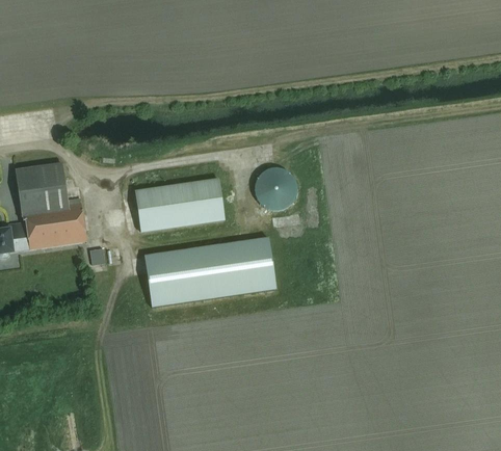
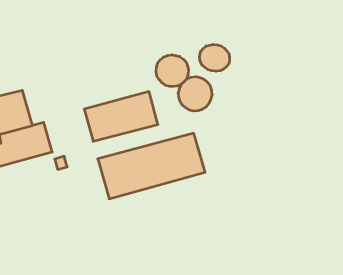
building: none -> [200,44,230,71]
building: none -> [156,55,188,86]

